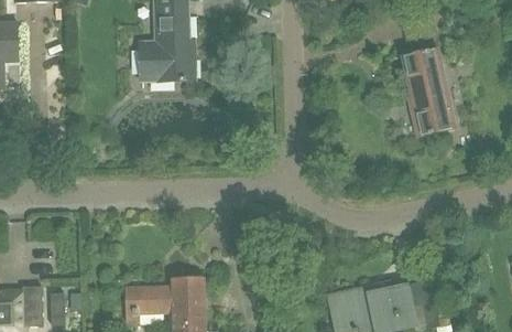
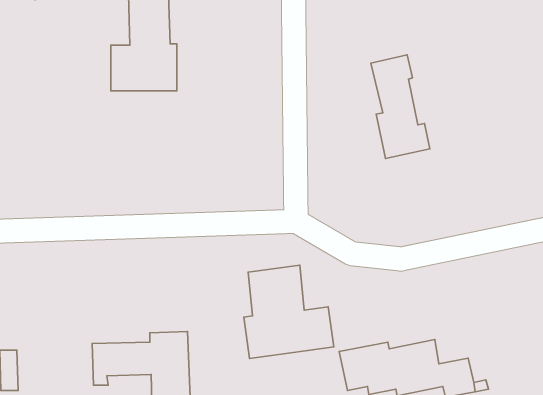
building: [405,51,454,136] -> [371,55,430,158]
building: none -> [244,265,334,358]

